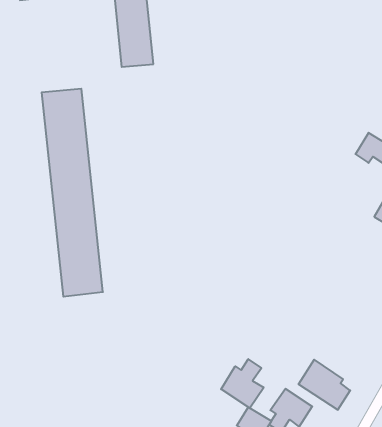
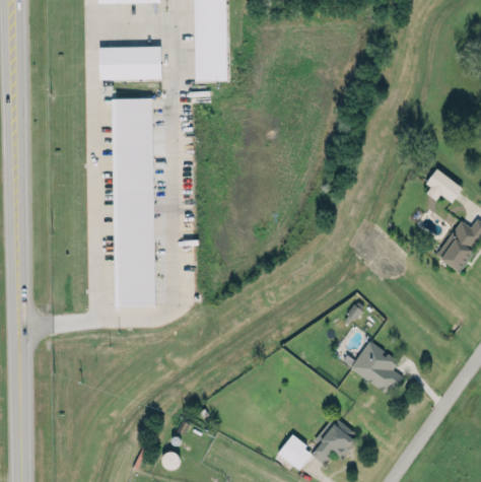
building: none -> [99,46,161,79]
building: [221,359,264,408] -> none
building: [298,360,350,410] -> [350,343,402,396]

